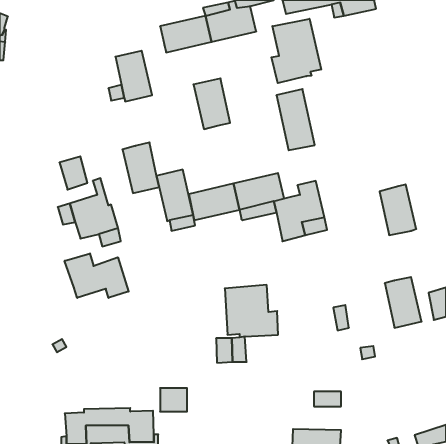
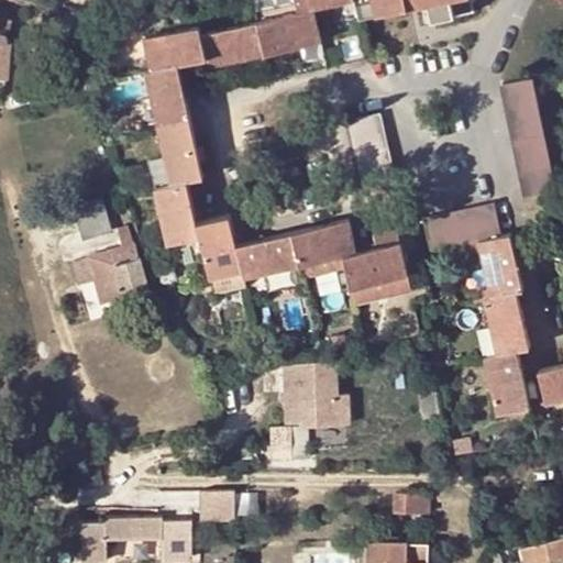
building: [271,19,321,83] -> none
building: none -> [143,27,207,74]
building: none -> [499,80,556,198]
building: [193,78,230,129] -> [157,123,203,187]
building: none -> [423,205,501,253]
building: none -> [484,294,530,356]
building: [65,253,129,298] -> none

